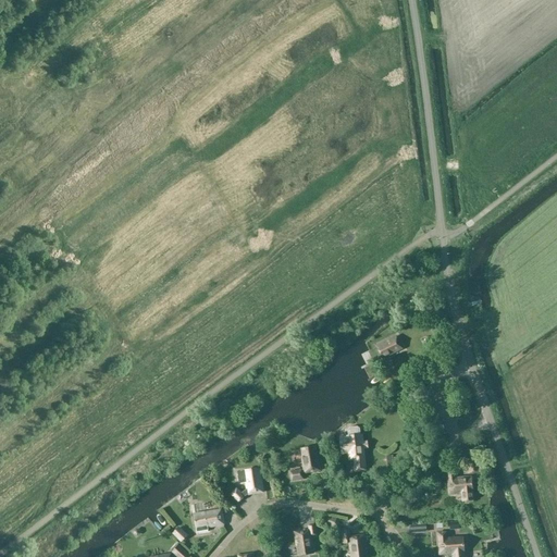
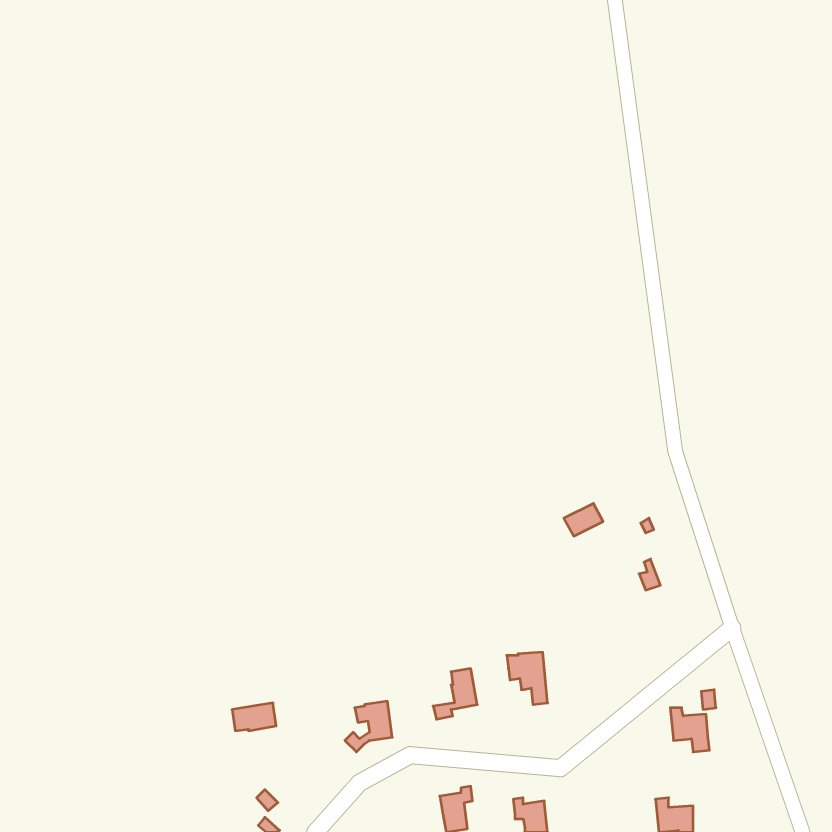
building: [193,508,222,527] -> [232,703,276,731]

